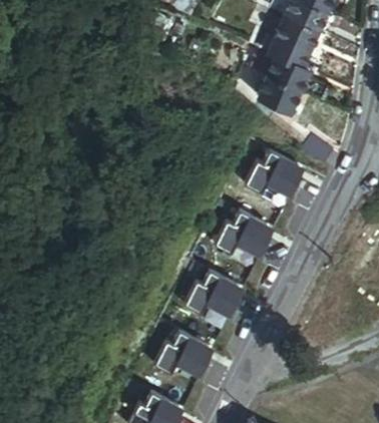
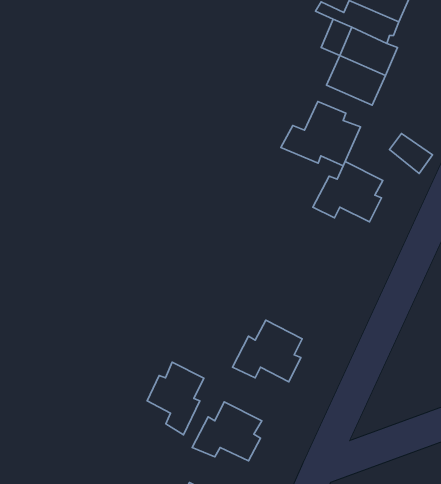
building: none -> [281,101,360,166]
building: [218,214,270,259] -> none
building: none -> [147,362,204,435]

